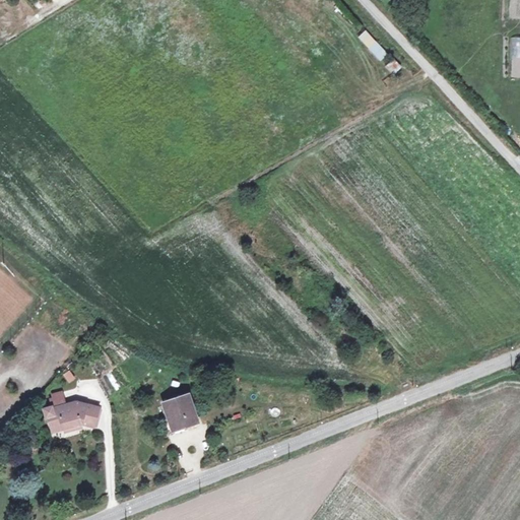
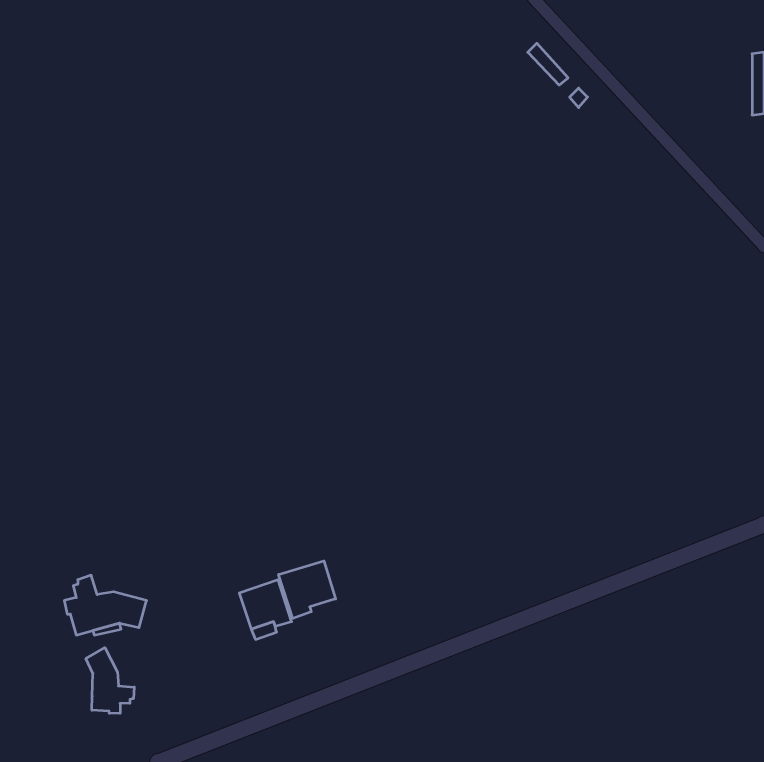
building: none -> [279,561,336,618]
building: none -> [86,648,134,713]

